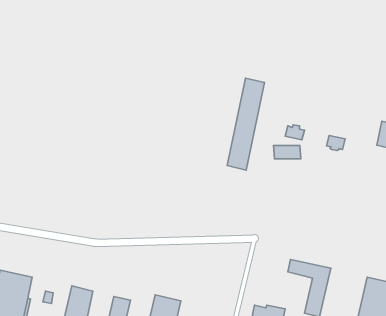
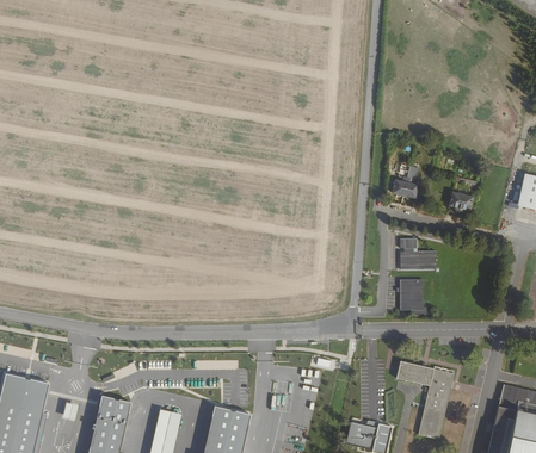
building: [227,78,265,170] -> none
building: [274,146,301,159] -> [399,250,436,268]
building: none -> [399,279,421,310]

